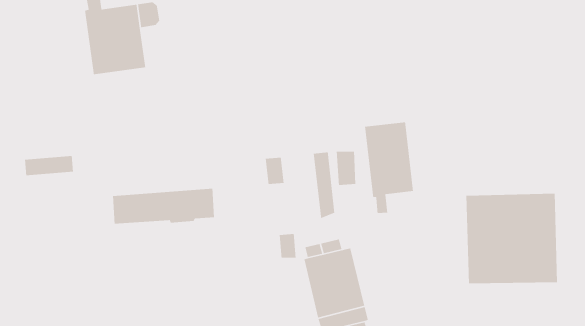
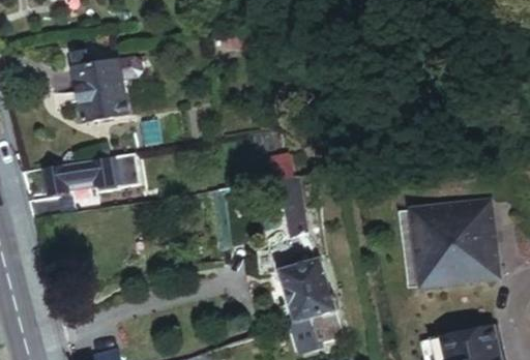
building: [364,121,414,214] -> none
building: [112,188,215,224] -> [46,156,136,193]

